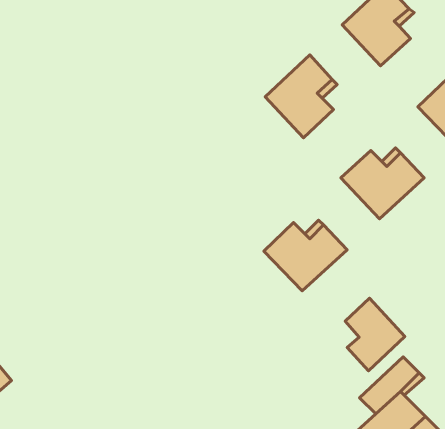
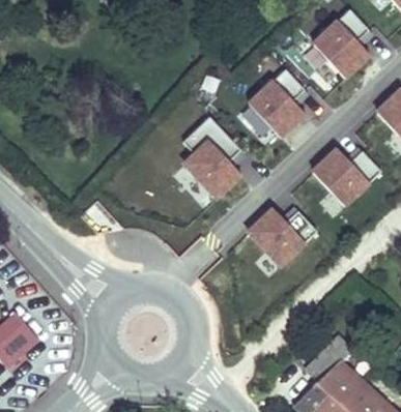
building: none -> [180,117,239,199]
building: [345,298,405,371] -> none

